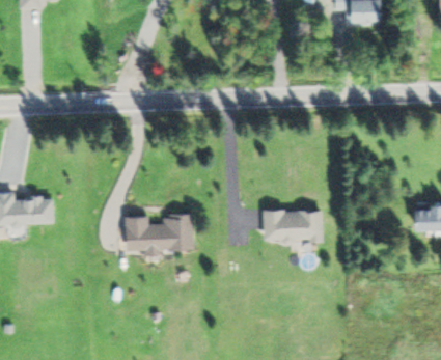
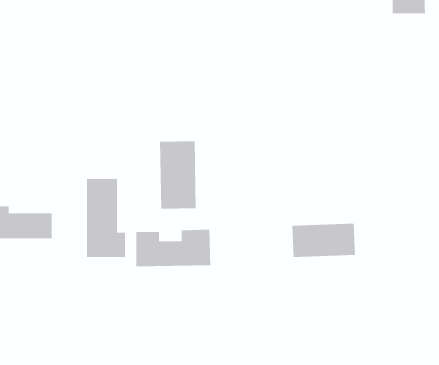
building: none -> [159,141,197,209]
building: none -> [86,178,126,258]

